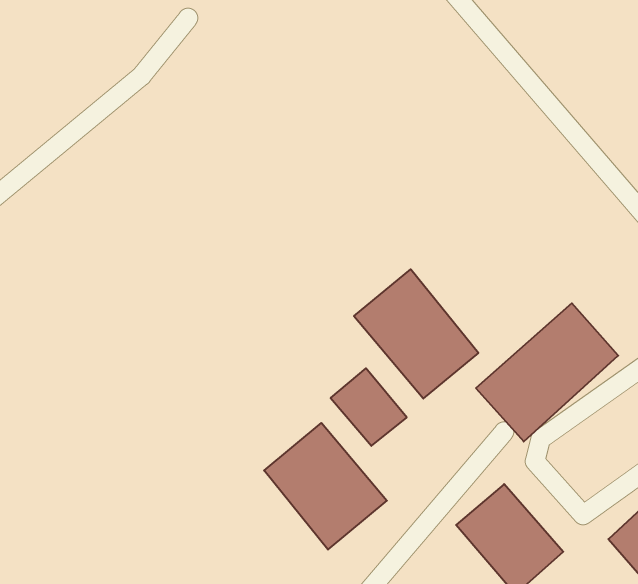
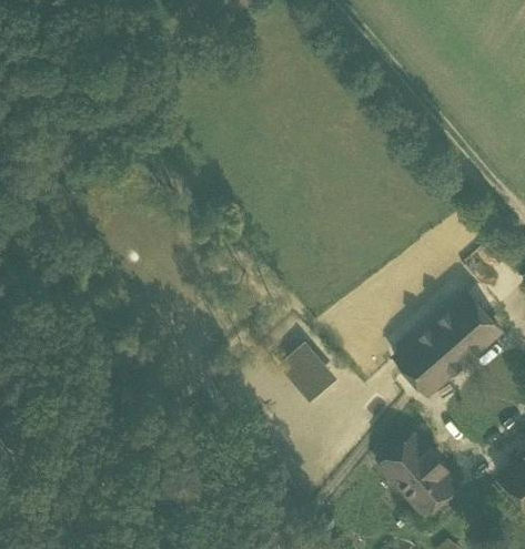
building: [354,269,478,399] -> none
building: [264,423,387,550] -> none

